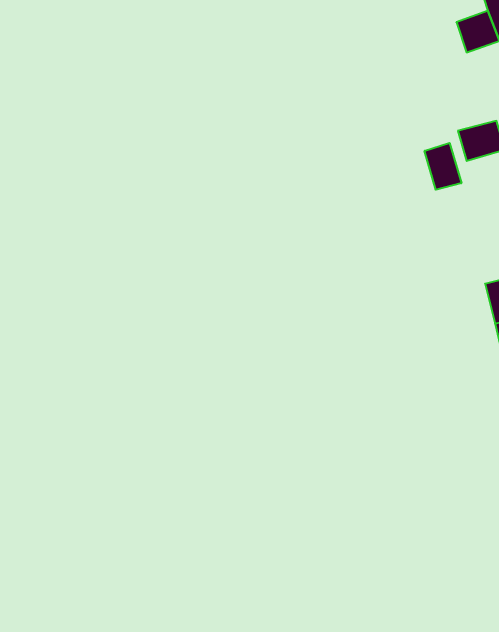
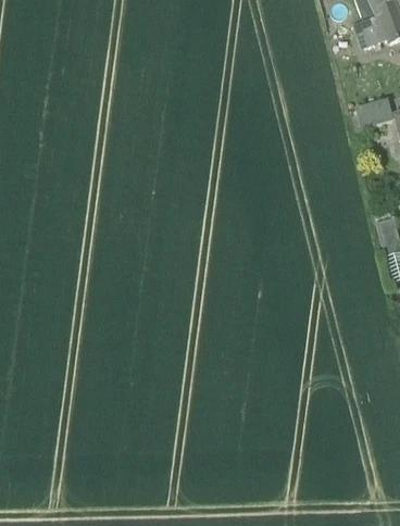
building: [425,143,461,190] -> none

